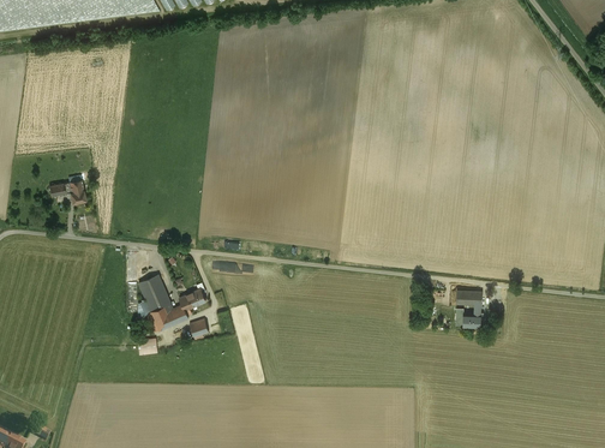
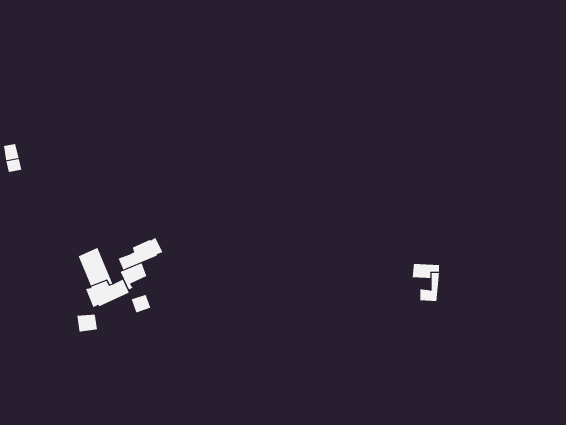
building: none -> [118,237,163,270]

